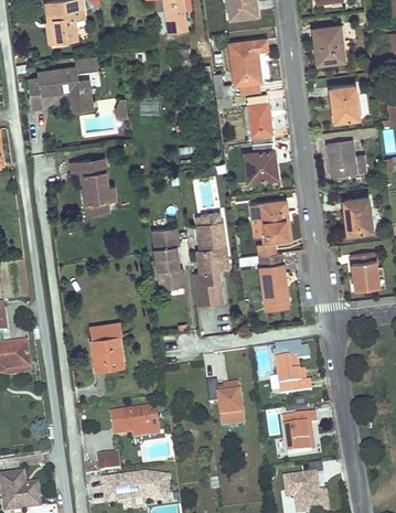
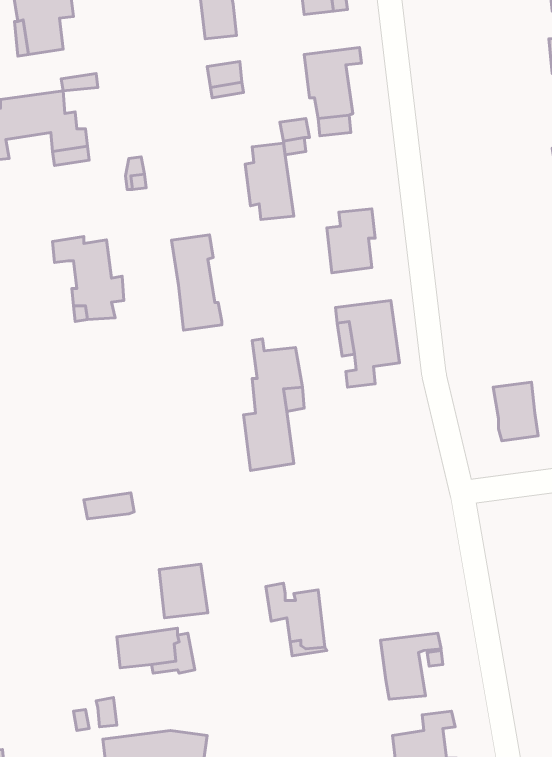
building: [313,25,344,63] -> none
building: [333,85,360,121] -> none
building: [243,95,274,143] -> [245,143,294,220]
building: [325,141,366,180] -> none
building: [346,197,373,233] -> none
building: [153,228,185,289] -> [171,235,222,330]
building: [258,252,288,309] -> none
building: [93,335,124,370] -> [159,564,208,618]
building: [275,342,311,395] -> none

